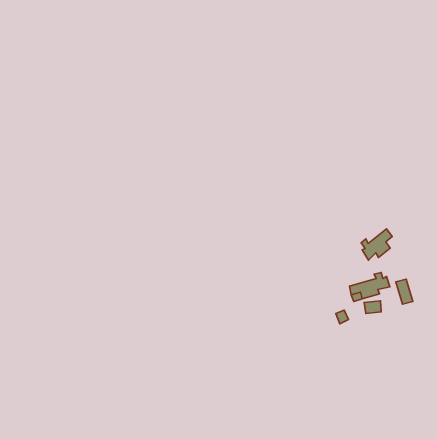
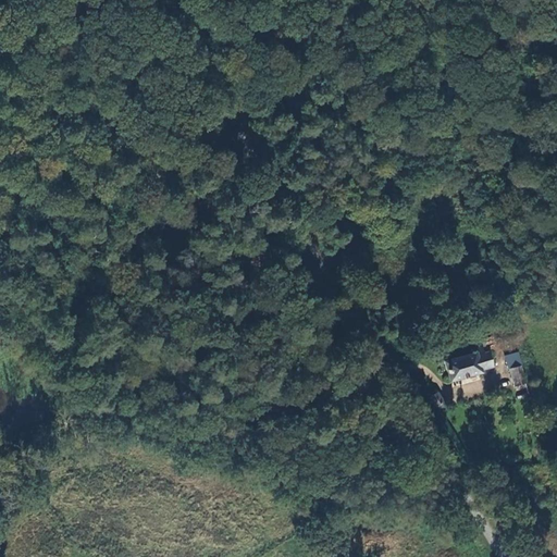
building: [361,229,392,260] -> none

